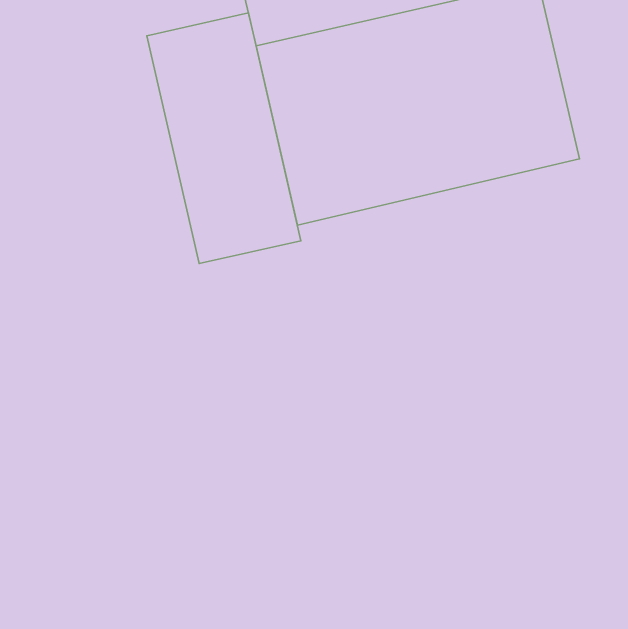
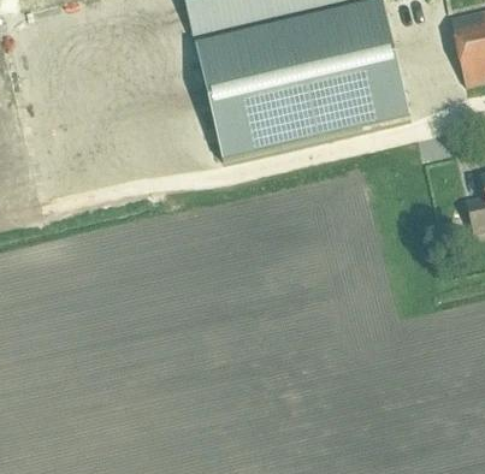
building: [147,13,301,264] -> none

